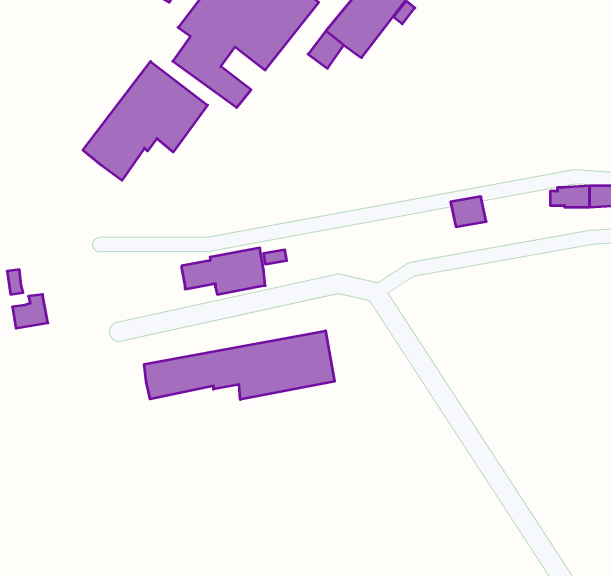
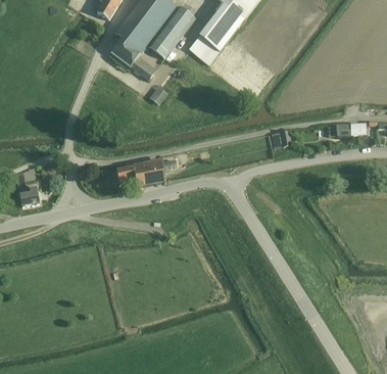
building: [83,61,208,180] -> none
building: [144,331,335,400] -> none

